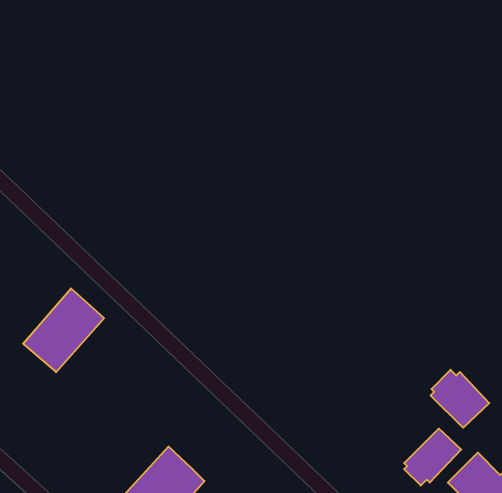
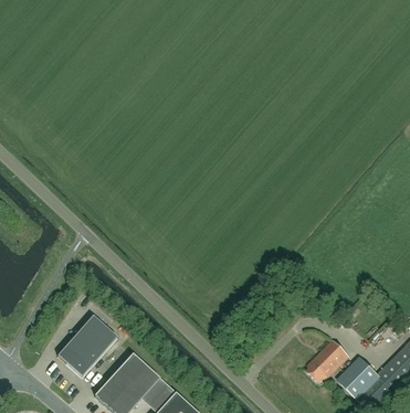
building: [23,288,104,372] -> [59,315,118,377]
building: [431,370,489,428] -> none

